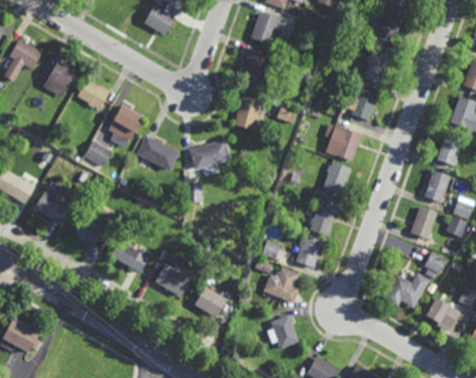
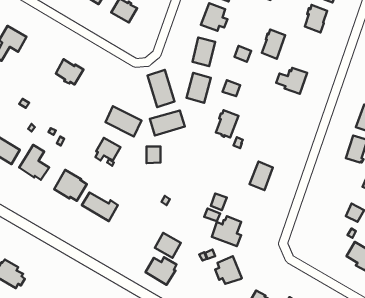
building: [363,49,391,85] -> [262,29,285,59]
building: [39,60,75,98] -> none
building: none -> [148,70,175,107]
building: [107,104,142,142] -> none
building: [325,124,362,161] -> none
building: [81,140,111,167] -> [95,138,121,161]
building: [323,161,350,195] -> [216,110,238,138]
building: [409,206,438,240] -> none
building: [294,235,323,268] -> none
building: [154,264,192,297] -> [145,257,176,285]
building: [387,273,430,308] -> none

